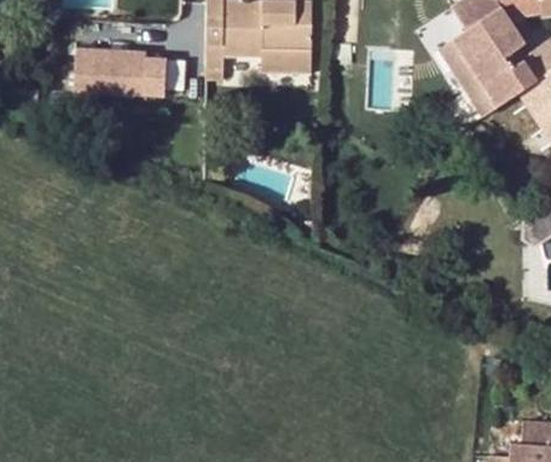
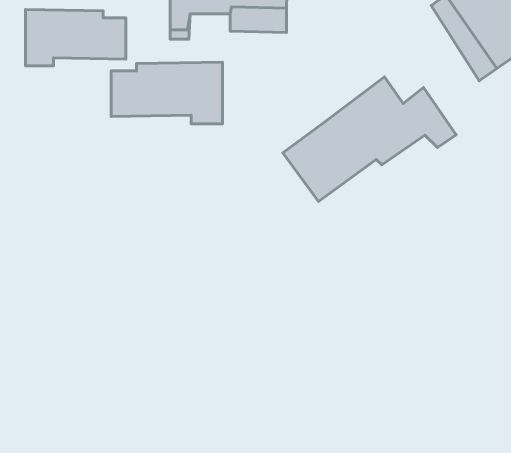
building: none -> [111,62,222,124]
building: none -> [283,77,456,201]

